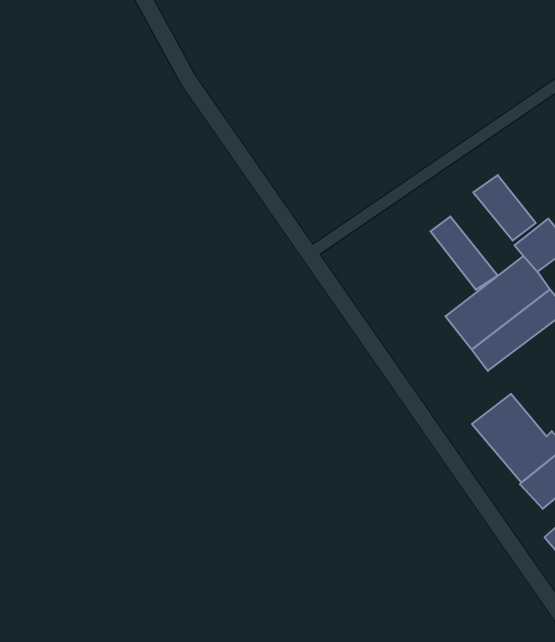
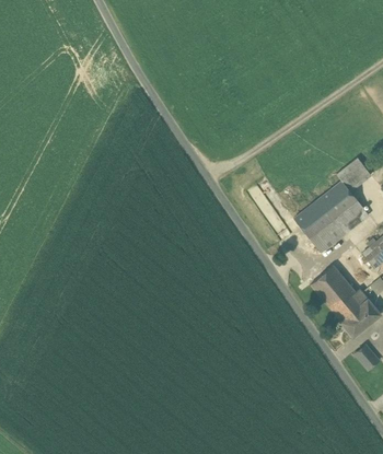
building: [473,175,536,241] -> none
building: [430,216,498,290] -> none

